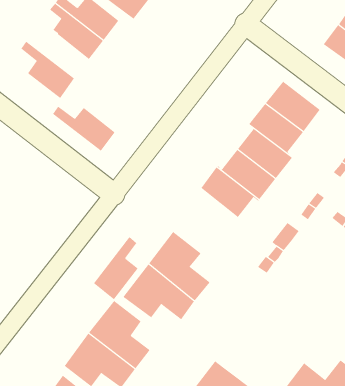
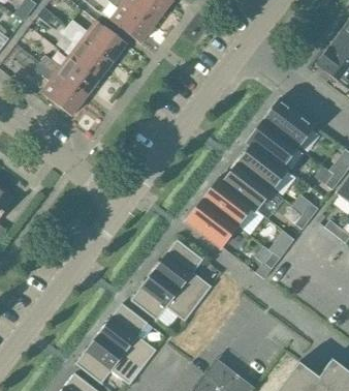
building: [52,106,116,152] -> [40,55,99,97]
building: none -> [186,199,237,246]
building: [93,236,138,300] -> none

